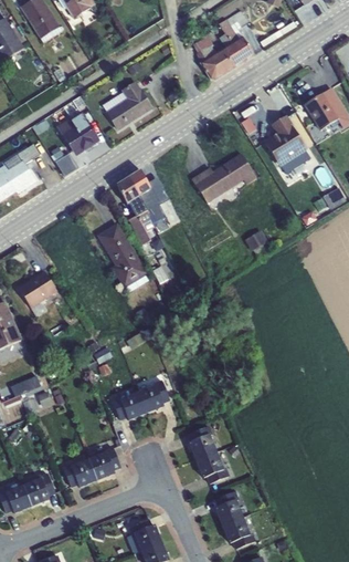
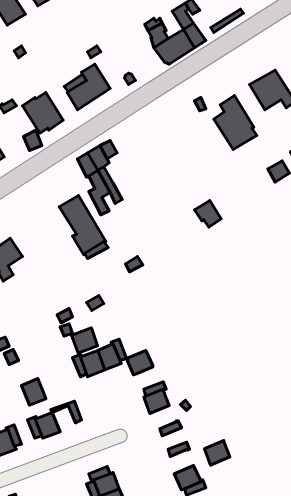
building: [190,152,256,202] -> none
building: none -> [72,328,98,353]
building: [88,450,115,479] -> [21,379,46,405]
building: [194,450,223,477] -> [126,350,153,375]
building: [214,498,242,524] -> [204,441,230,465]

